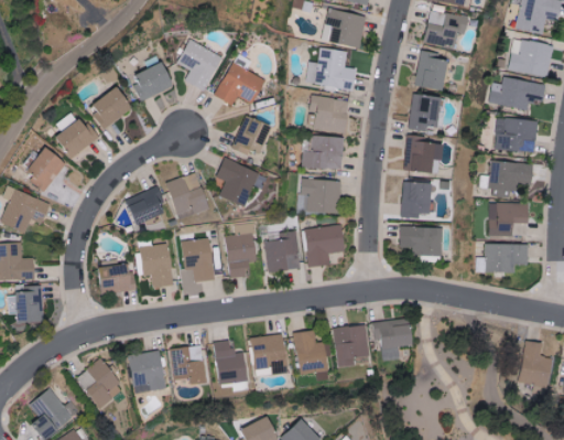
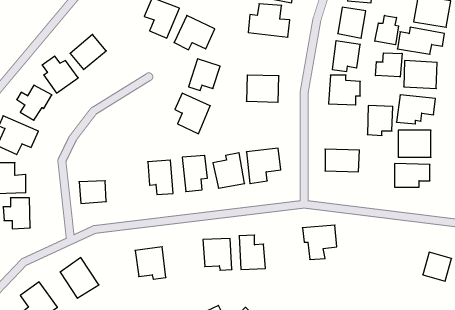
building: none -> [375,15,398,45]
building: [131,64,174,100] -> none
building: [308,96,348,135] -> none
building: none -> [376,53,402,77]
building: [167,173,207,218] -> none
building: [300,180,338,214] -> none
building: [400,182,431,218] -> [367,106,393,135]
building: [127,186,166,224] -> none
building: [134,244,172,288] -> none
building: [334,326,367,366] -> none
building: [214,340,246,385] -> none
building: [129,352,164,390] -> none

